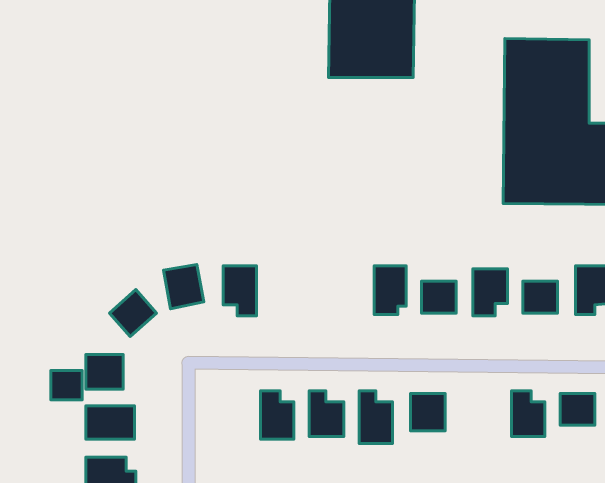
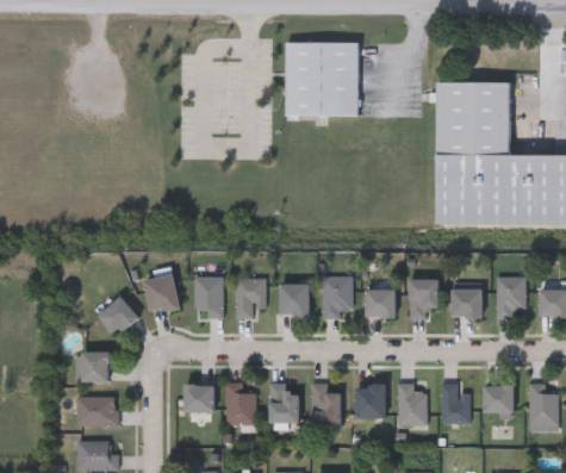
building: none -> [236,279,265,319]
building: none -> [279,285,307,317]
building: [51,371,82,400] -> none
building: none -> [398,384,427,425]
building: none -> [184,386,213,412]

